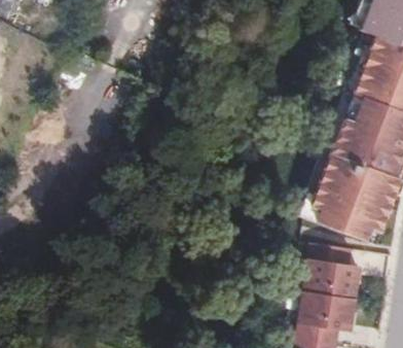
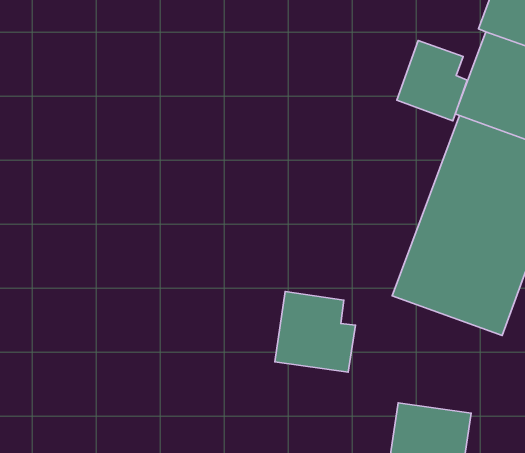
building: none -> [397,40,467,121]
building: [303,244,360,301] -> [275,291,355,372]

